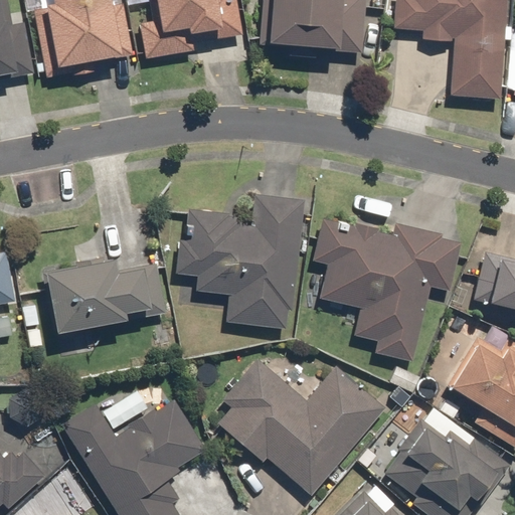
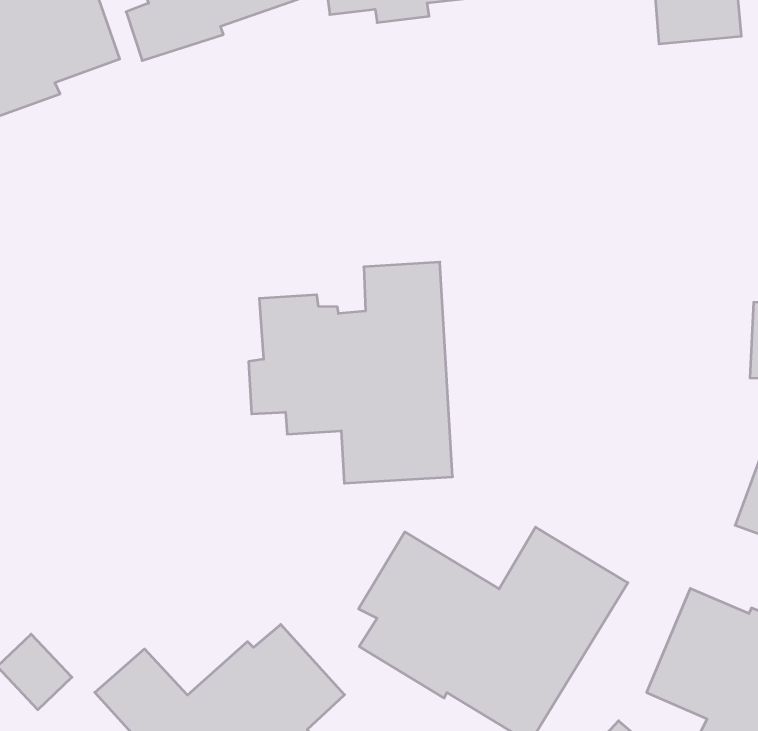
building: [312,212,462,363] -> none
building: [41,256,152,333] -> none

